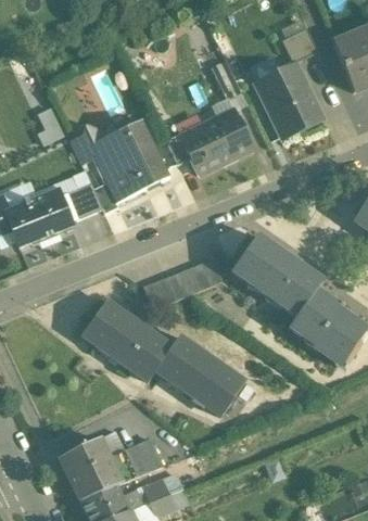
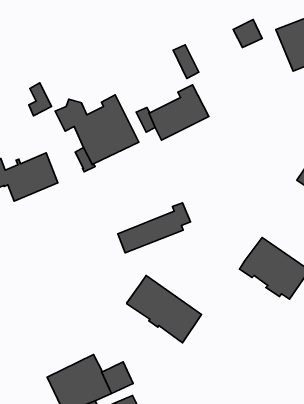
building: [256,65,320,135] -> none
building: [65,181,102,217] -> none
building: [230,234,321,316] -> none
building: [81,298,170,379] -> none

